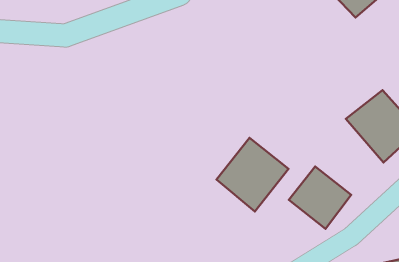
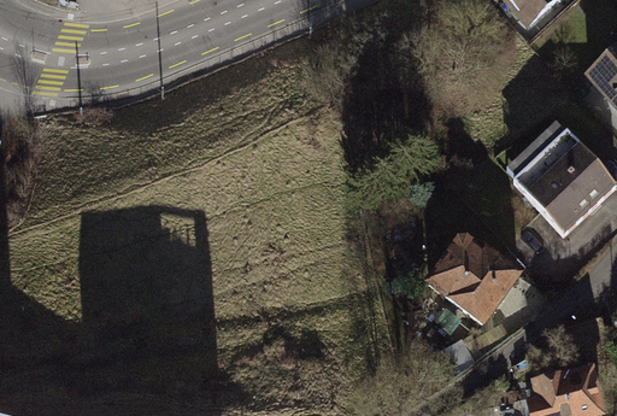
building: [216,138,289,211] -> none

